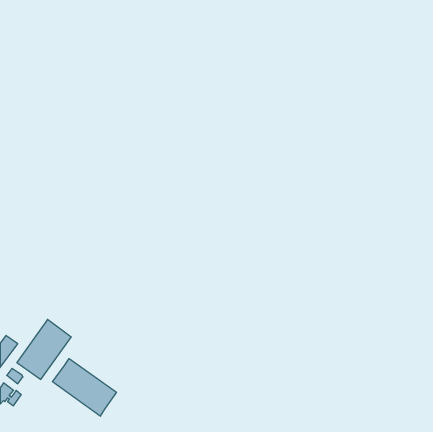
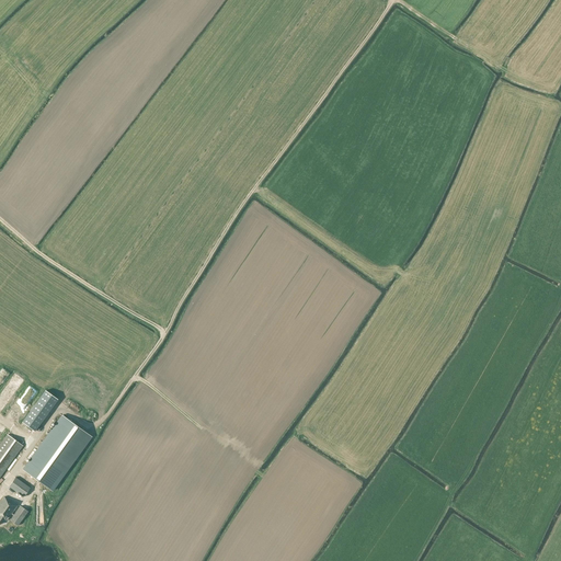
building: none -> [21,389,58,431]
building: [52,359,116,416] -> none

